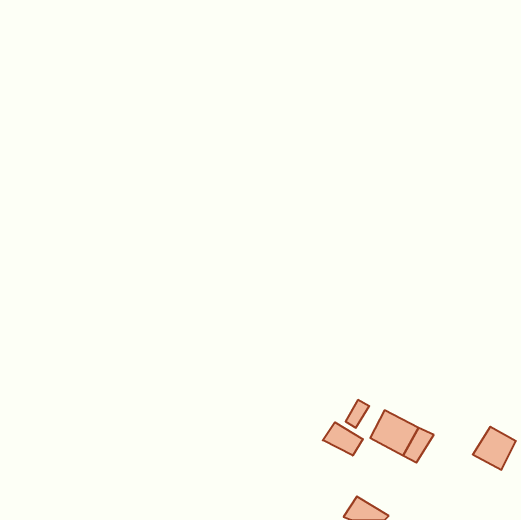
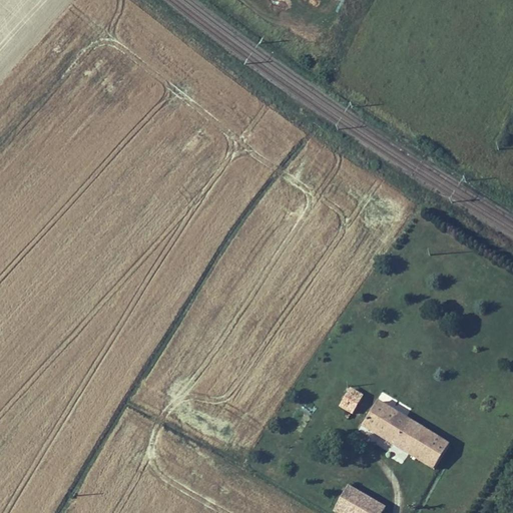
building: [323,422,363,456] -> none
building: [473,427,516,470] -> [407,425,449,467]

